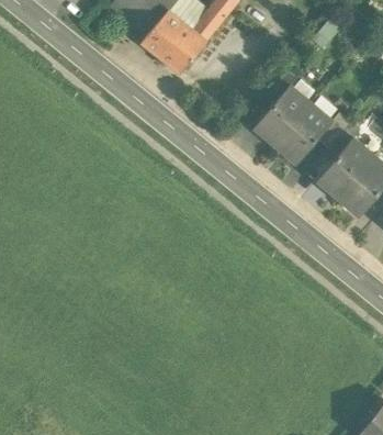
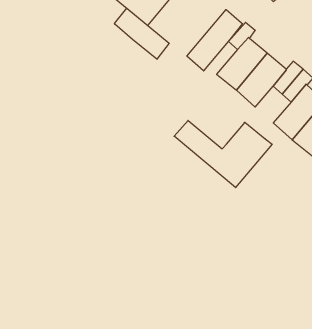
building: none -> [114,8,169,59]
building: none -> [187,10,243,71]
building: none -> [174,120,272,188]

